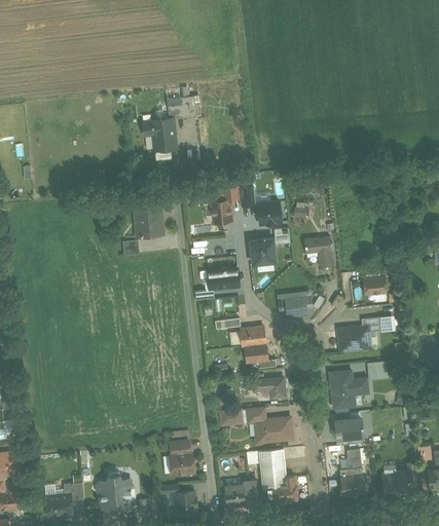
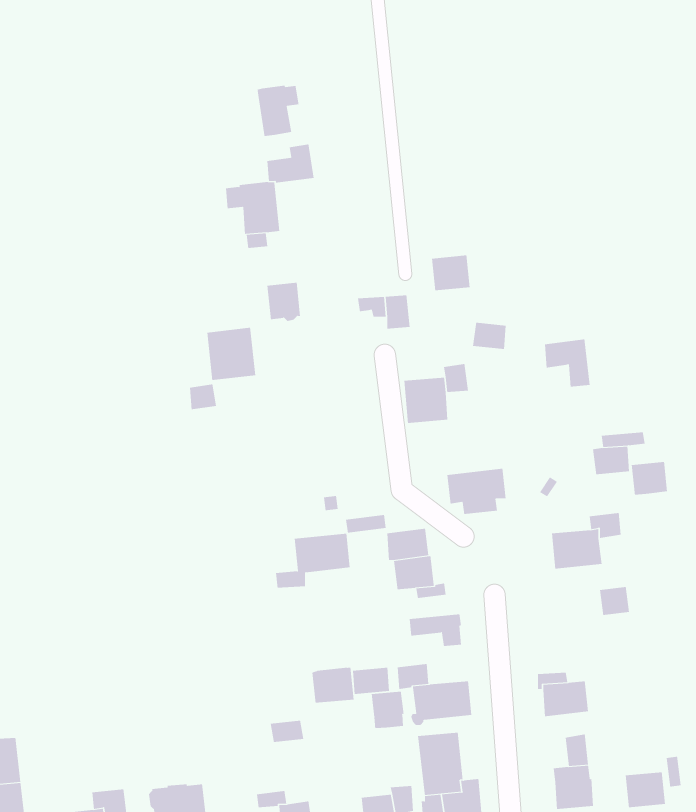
building: none -> [257,85,299,137]
building: [211,200,231,224] -> [267,282,301,322]
building: [257,202,281,224] -> [431,255,470,291]
building: [304,236,332,265] -> [544,339,590,387]
building: [194,267,240,300] -> [275,533,350,588]
building: none -> [631,461,668,495]
building: [330,371,367,408] -> none
building: none -> [371,691,404,729]
building: [169,452,194,474] -> [312,667,354,703]

